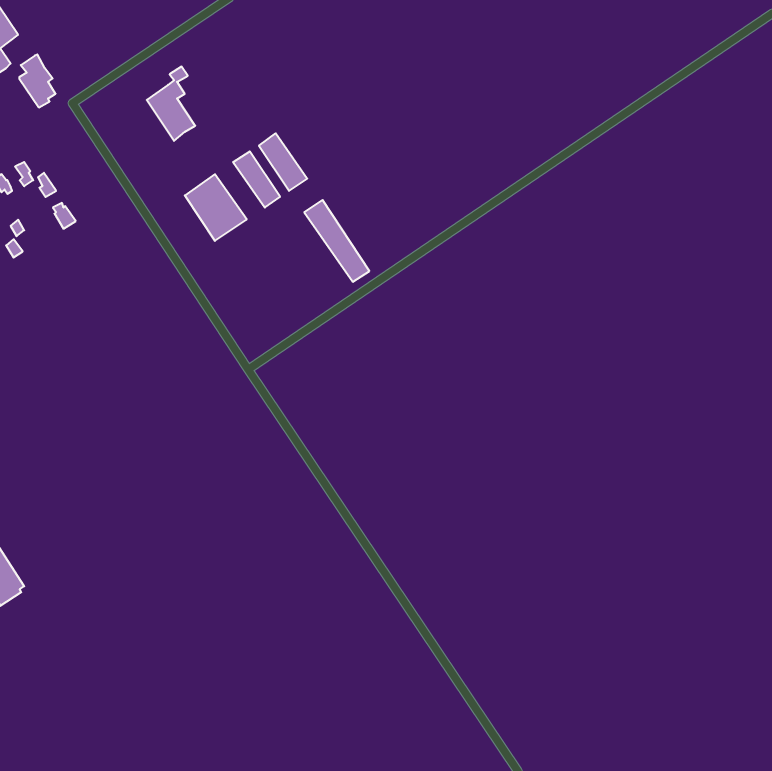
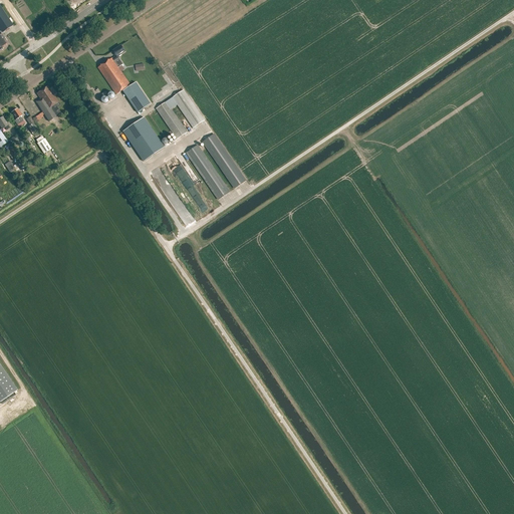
building: [19,54,56,107] -> [35,84,59,119]
building: none -> [122,80,150,111]
building: none -> [186,144,229,198]

